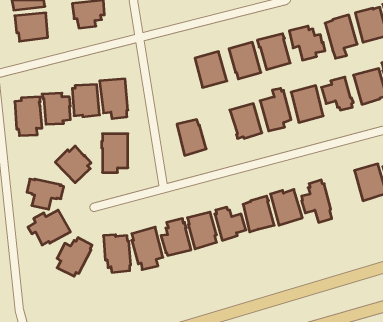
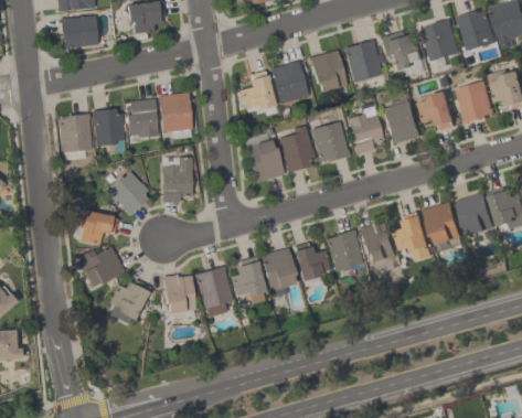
building: none -> [241,71,276,109]
building: none -> [278,125,316,172]
building: none -> [424,201,461,244]

